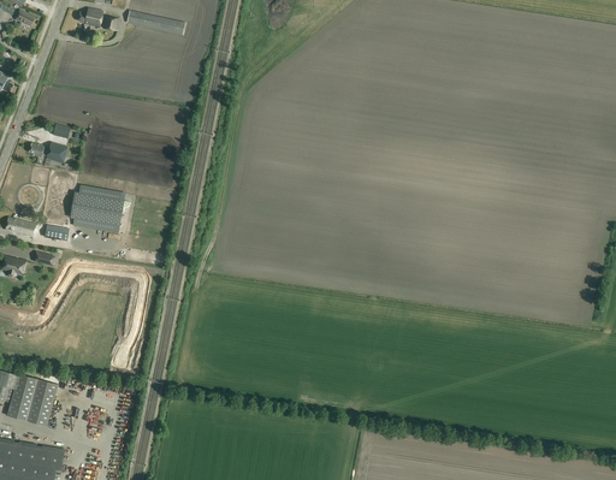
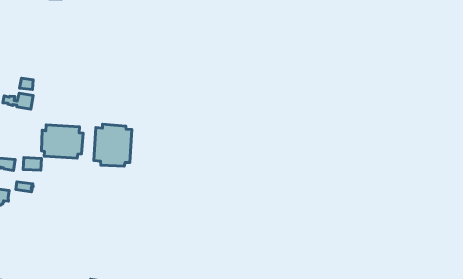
building: none -> [94,124,132,166]

